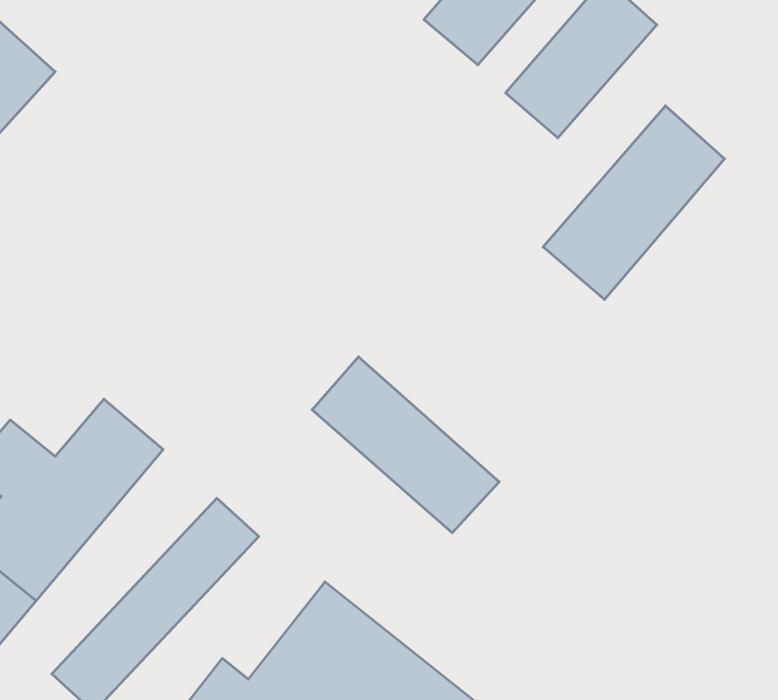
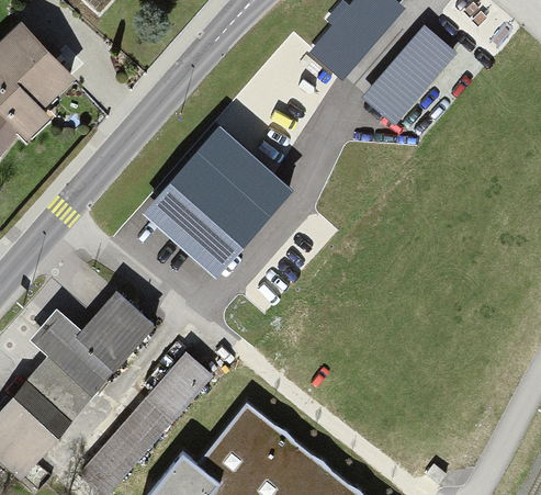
building: [543,106,725,300] -> none
building: none -> [144,127,294,279]
building: [312,357,499,533] -> none

